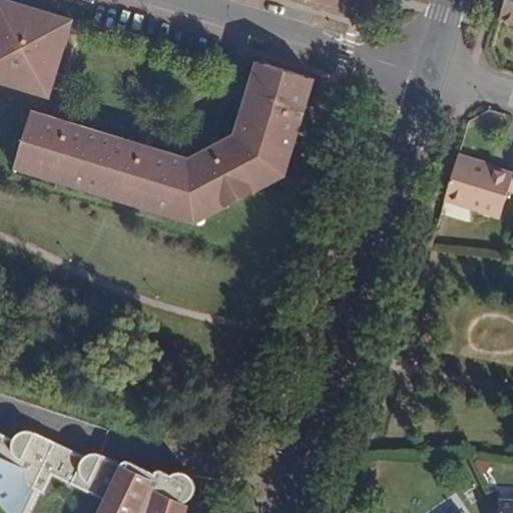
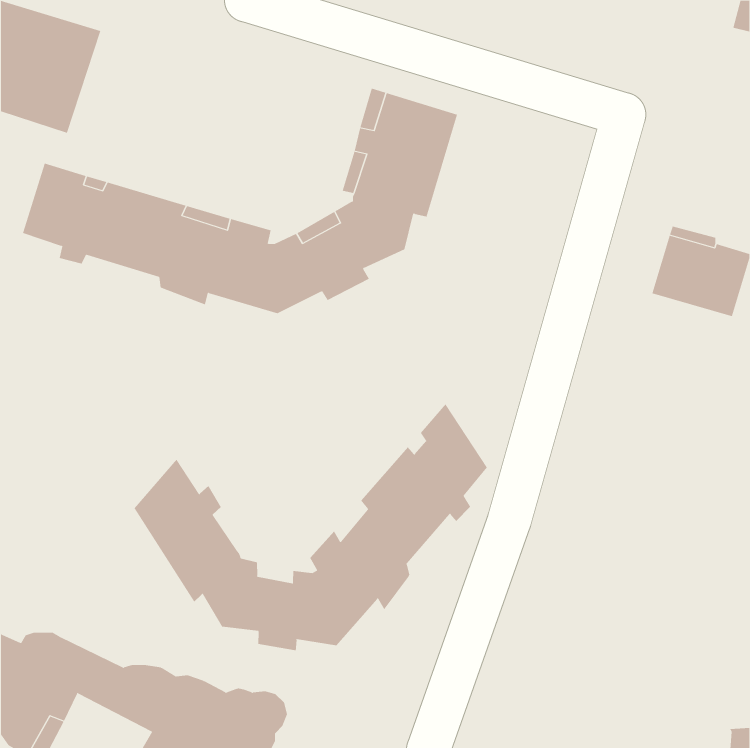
building: none -> [134,403,487,651]

